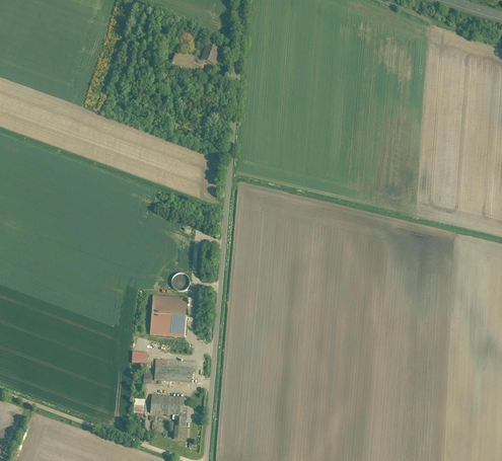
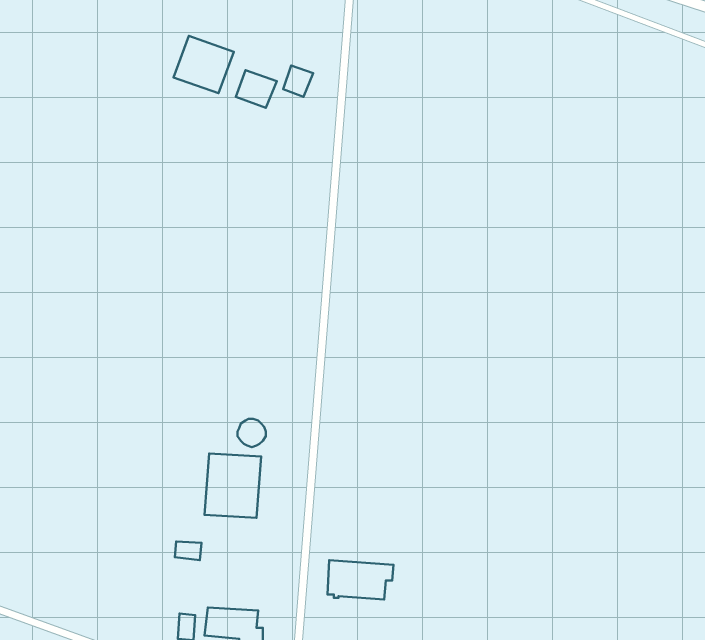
building: none -> [174,36,234,93]
building: [154,358,197,383] -> [328,560,394,599]

